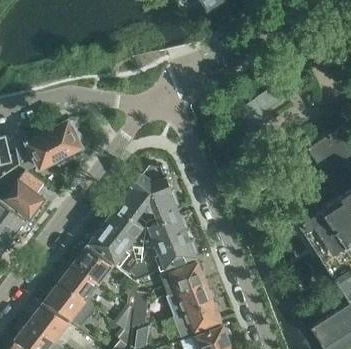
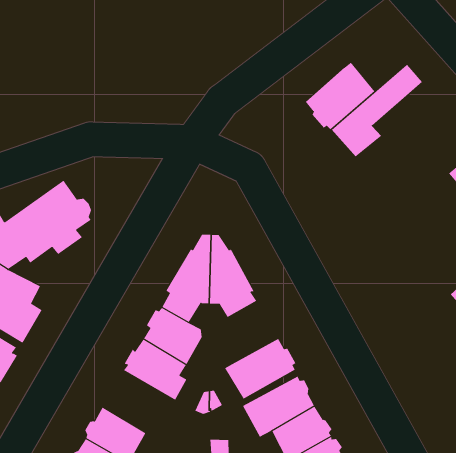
building: none -> [305,62,375,130]
building: [149,214,187,248] -> none
building: [72,246,112,284] -> none

